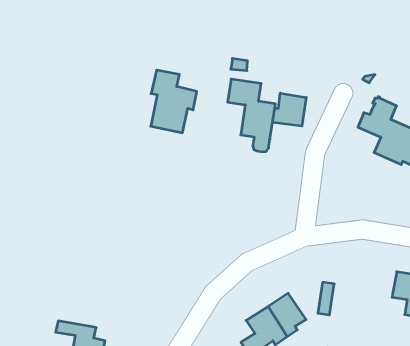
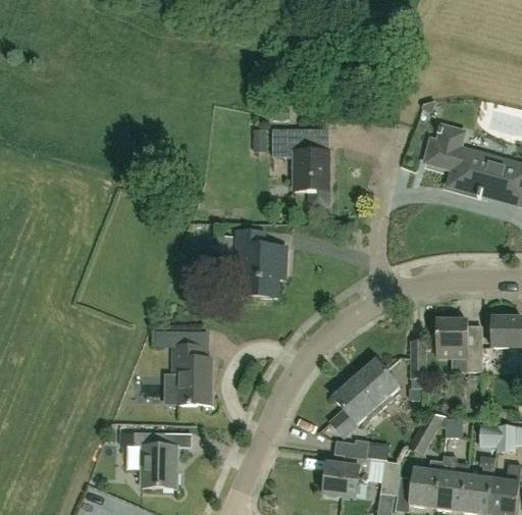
building: [151,70,197,133] -> [236,229,286,296]
building: [273,93,306,126] -> none
building: none -> [171,344,210,404]
building: none -> [436,320,481,371]

